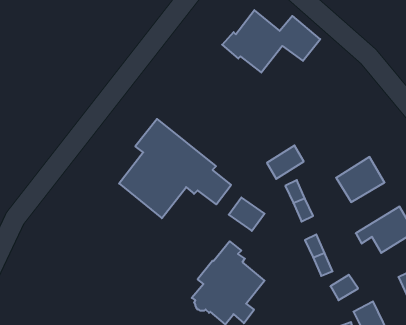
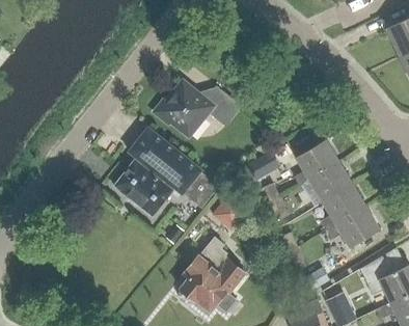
building: [222,10,320,73] -> [153,80,241,136]
building: none -> [294,138,338,185]
building: none -> [321,184,365,229]

